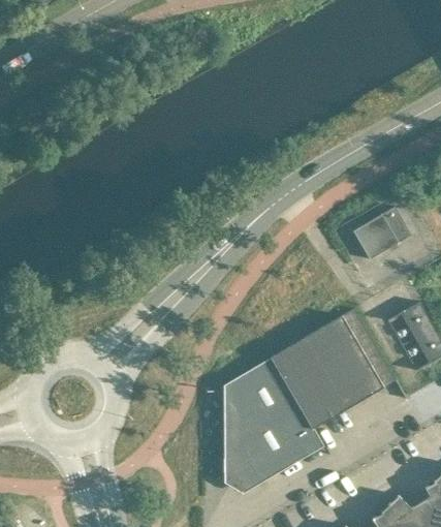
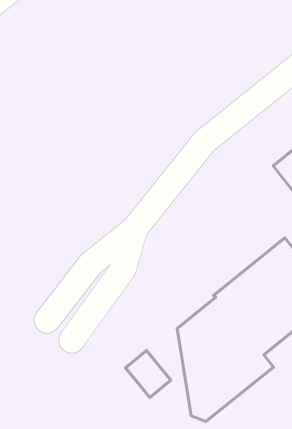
building: none -> [125,350,171,398]

